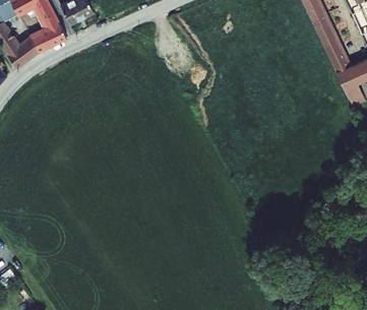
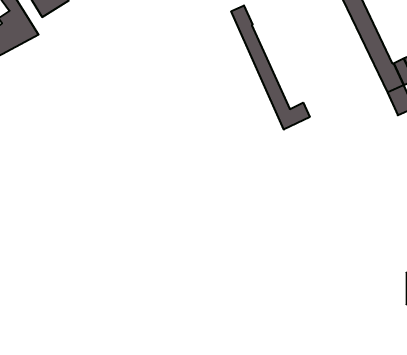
building: none -> [231,5,310,130]

